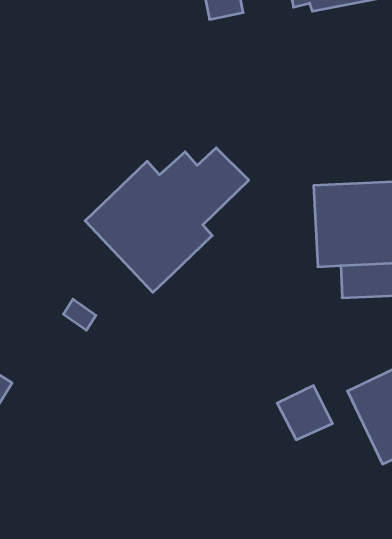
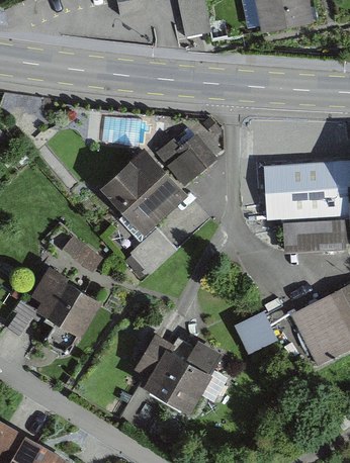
building: none -> [129,227,175,272]
building: none -> [41,269,97,358]
building: none -> [138,337,220,411]

